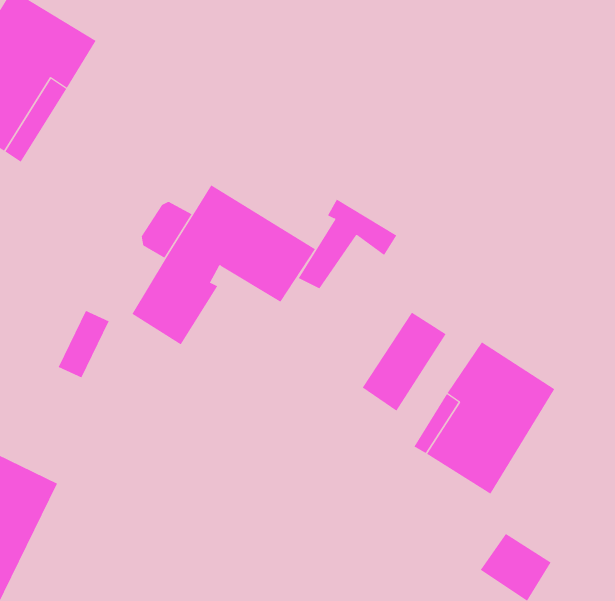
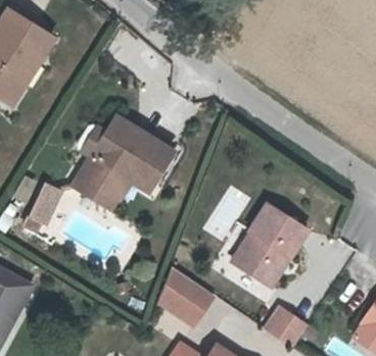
building: [298,199,397,289] -> [101,161,156,211]
building: none -> [158,266,215,324]

